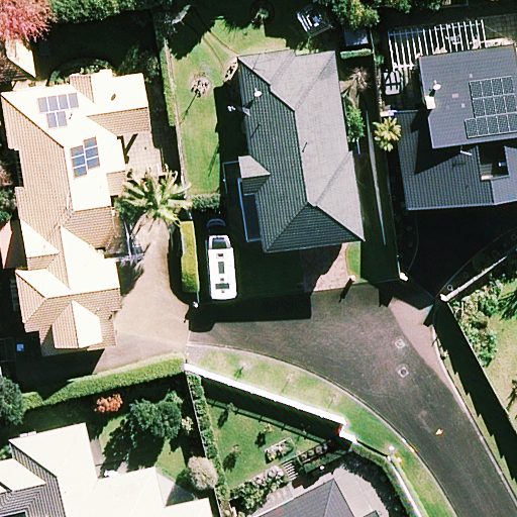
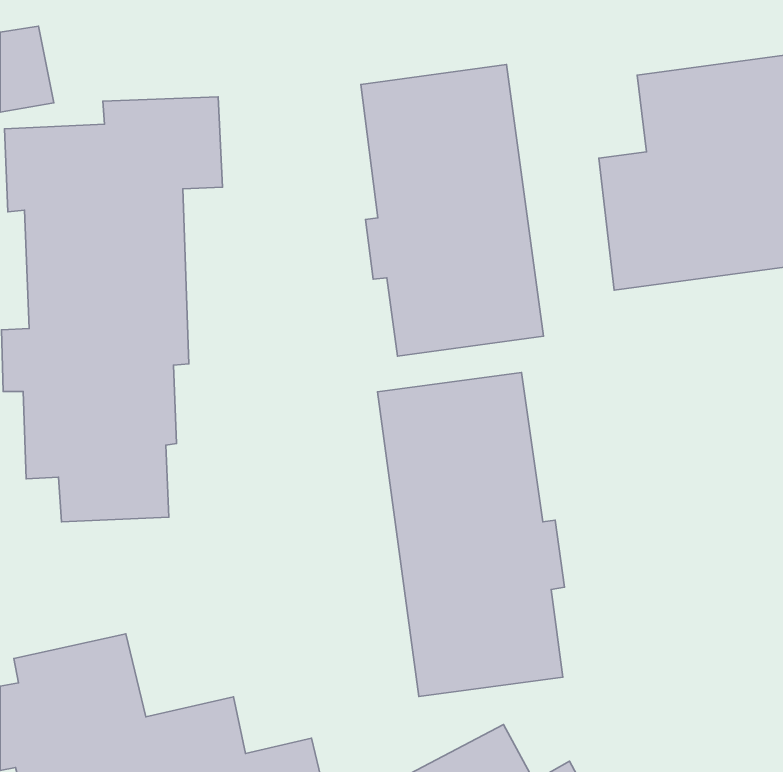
building: none -> [378,372,565,697]

